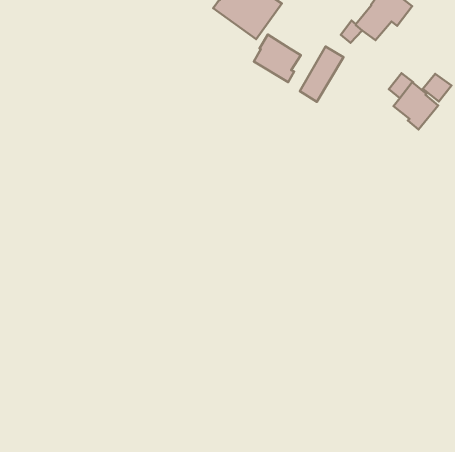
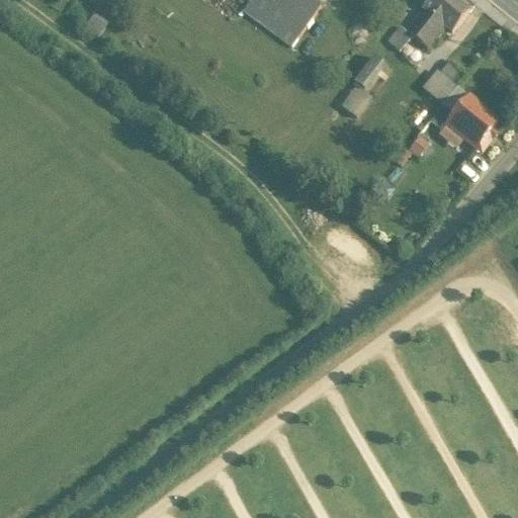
building: [254,35,301,82] -> none
building: [423,74,451,101] -> [423,70,455,101]

